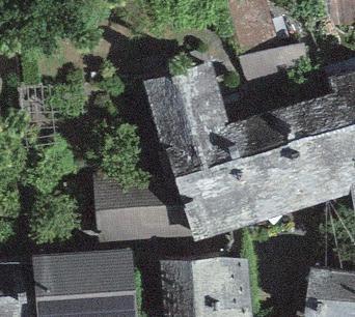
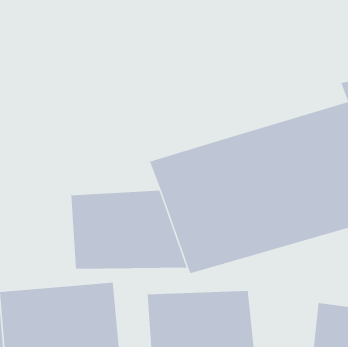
building: [144,61,231,145] -> none

